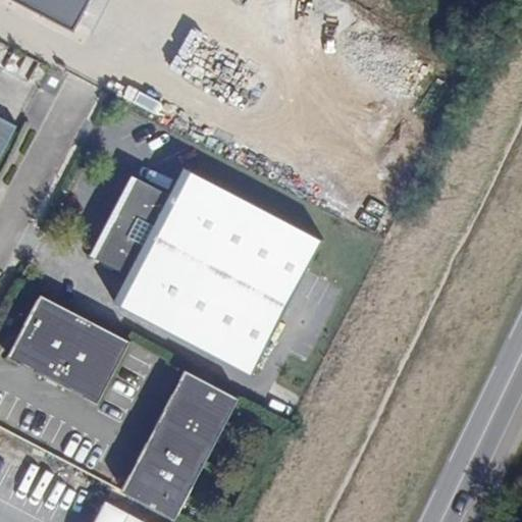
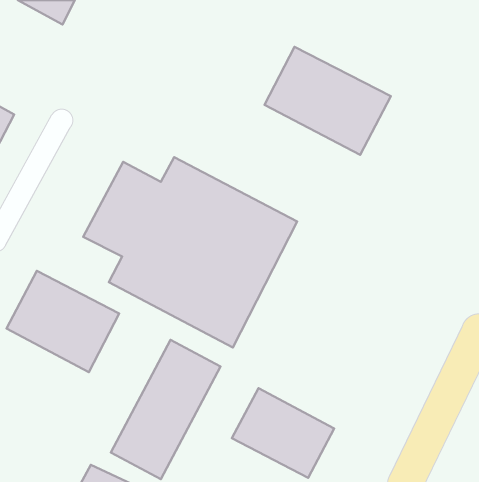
building: none -> [265,47,391,155]
building: none -> [232,388,334,478]

